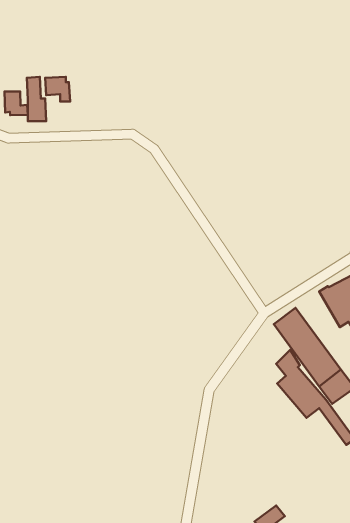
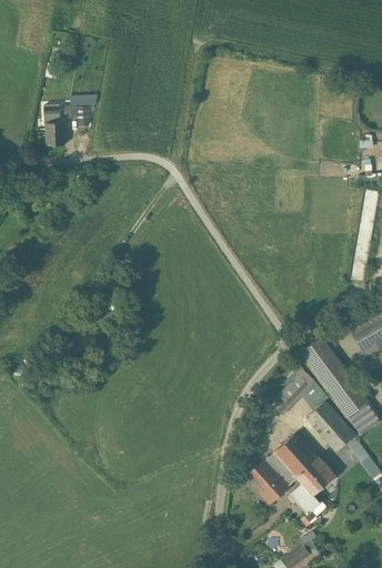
building: [4,91,28,115] -> none
building: none -> [271,372,315,415]
building: none -> [244,434,333,515]

